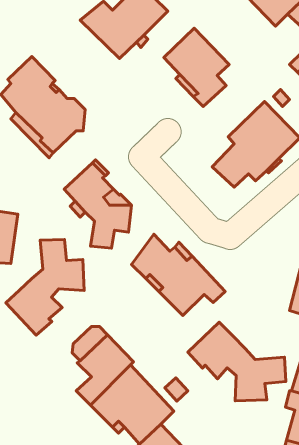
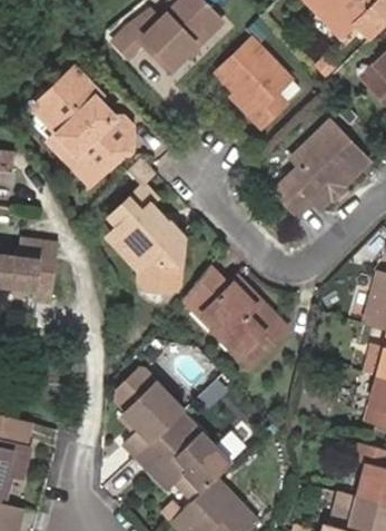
building: [6,240,84,335] -> none
building: [188,322,286,401] -> none

